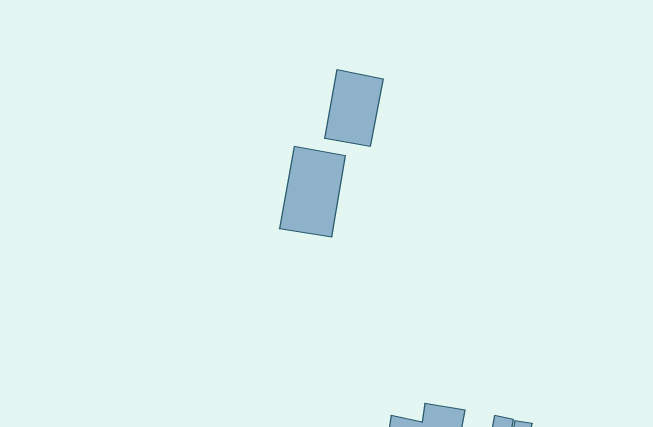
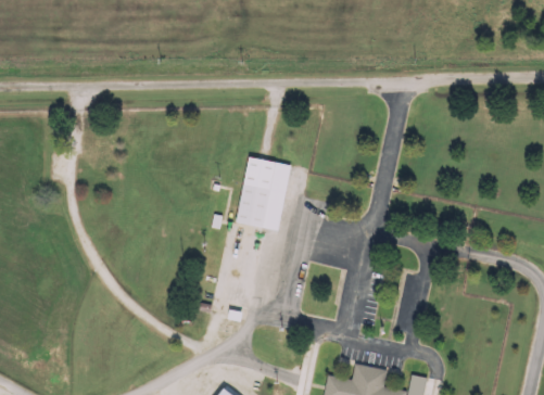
building: [325,70,383,146] -> none

